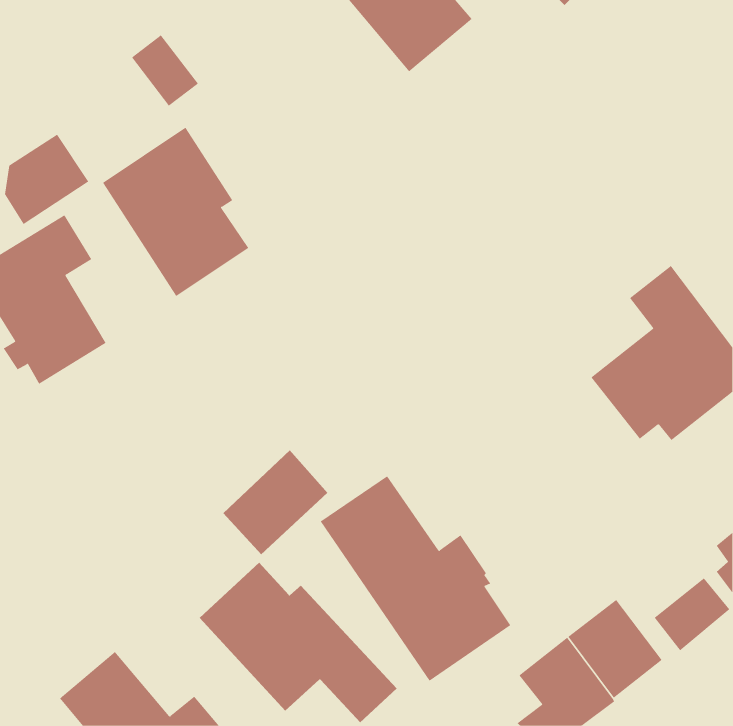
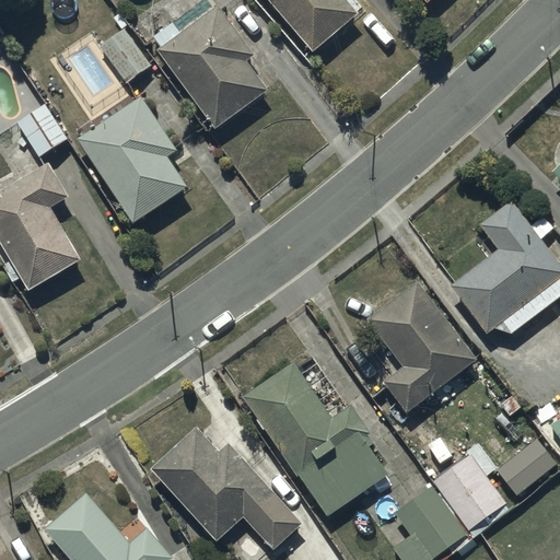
building: none -> [153,5,269,130]
building: none -> [366,282,476,412]
building: [223,450,328,555] -> none

